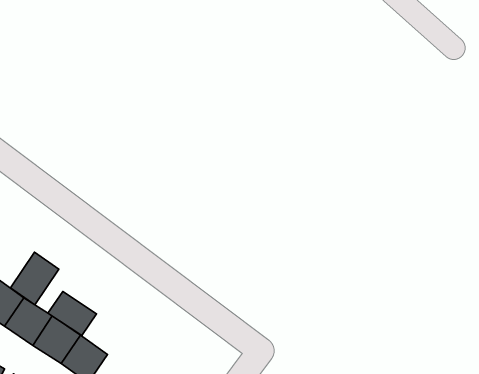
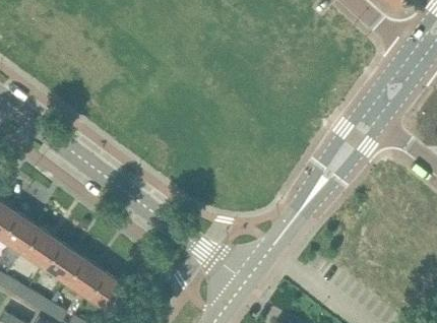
building: [10,252,59,305] -> none
building: [48,291,97,336] -> none

